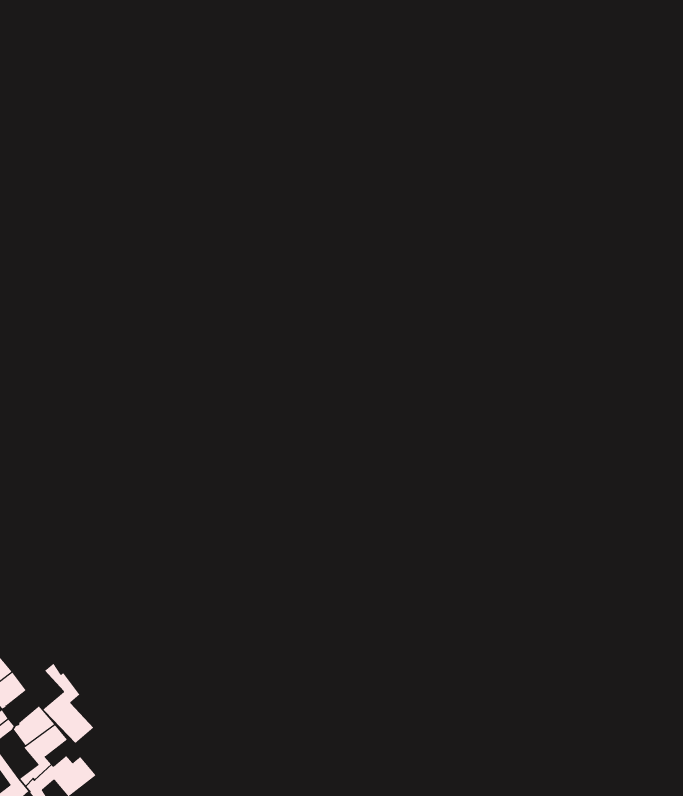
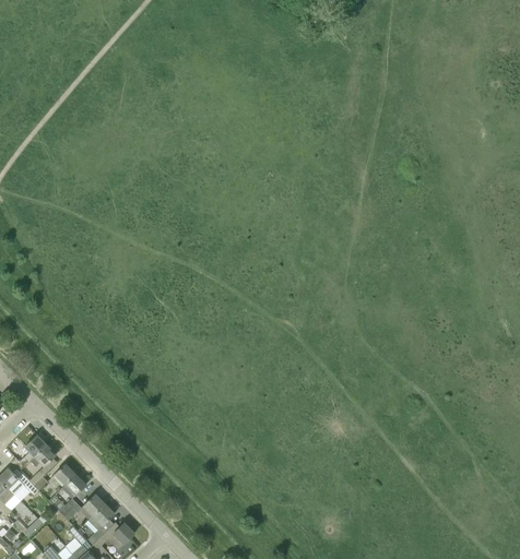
building: [42,663,94,744] -> none

